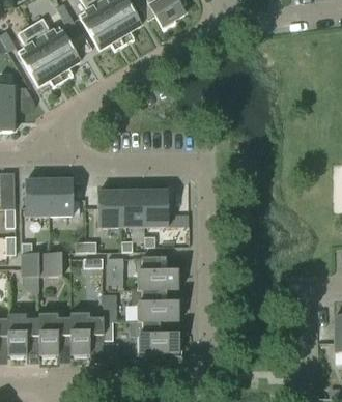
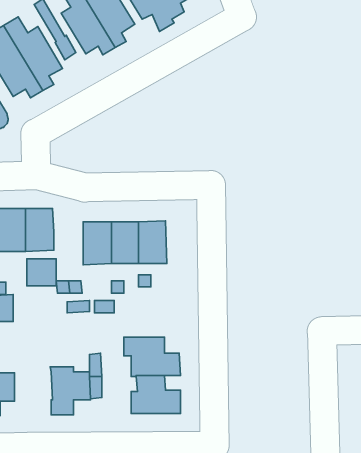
building: [38,252,63,275] -> [27,259,56,286]
building: [137,256,178,289] -> none
building: [38,313,72,354] -> none

